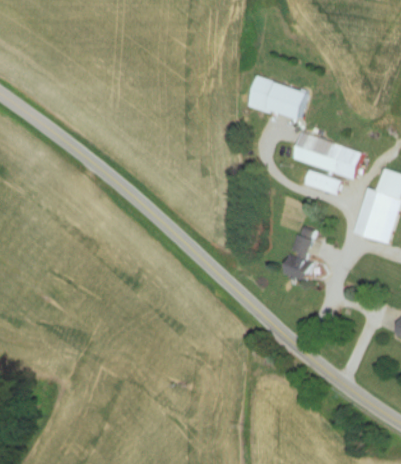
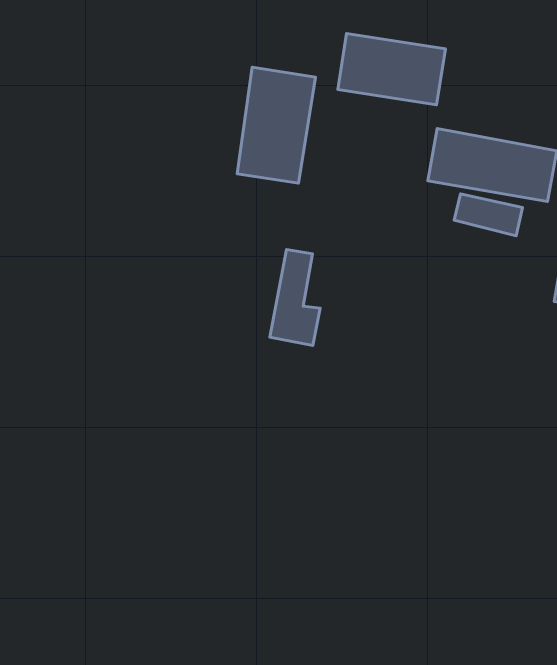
building: none -> [237,67,316,183]
building: [284,228,313,282] -> [270,249,320,346]

